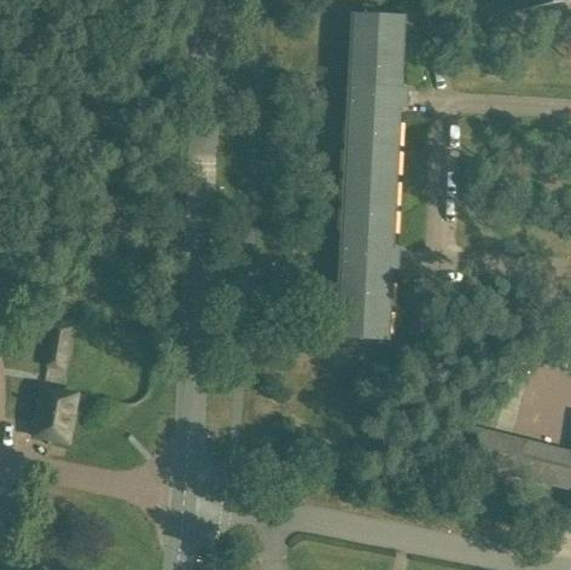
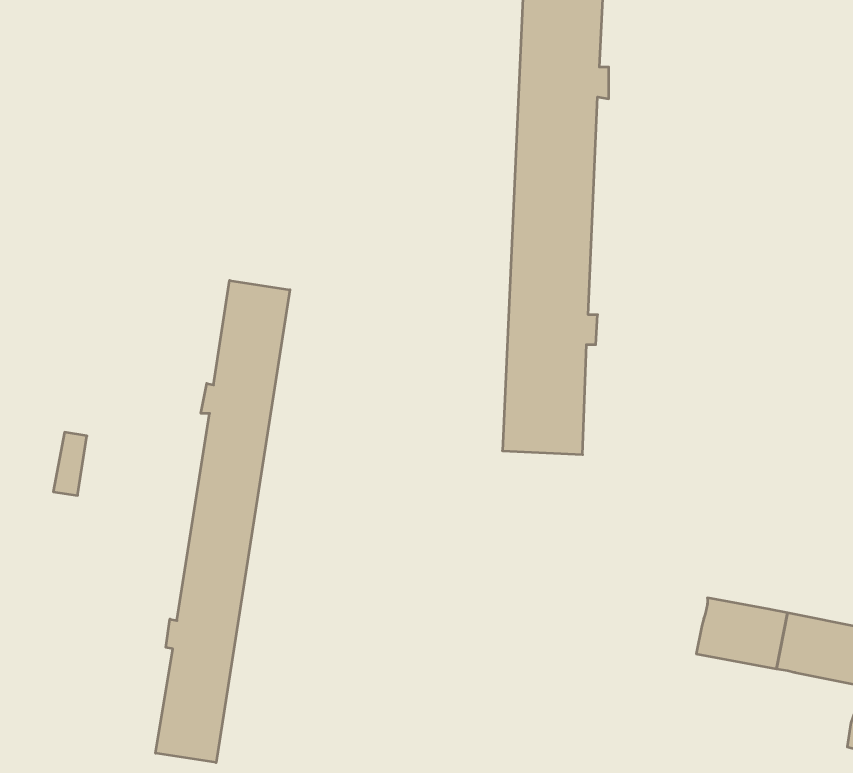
building: none -> [156,280,290,763]
building: [34,384,78,442] -> none

